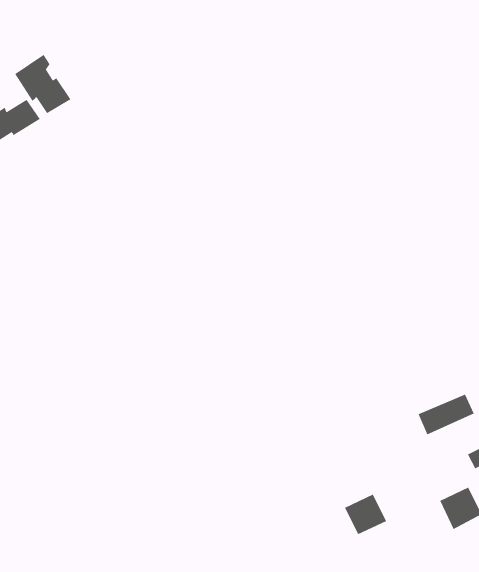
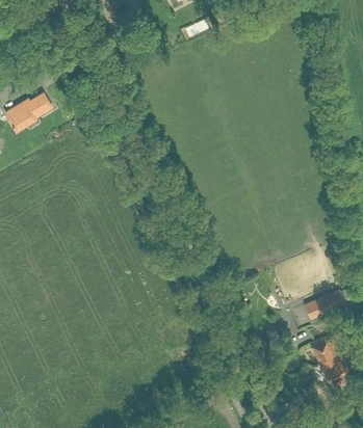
building: [14,54,72,114] -> none
building: [344,493,387,535] -> [311,335,340,363]

